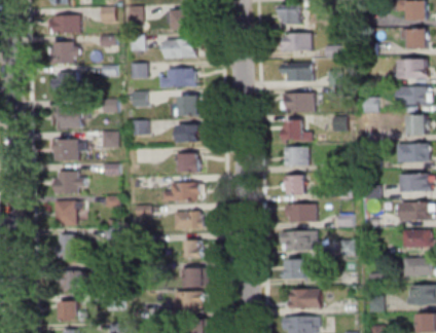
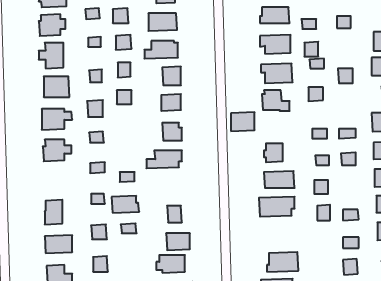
building: [284,147,308,166] -> [231,112,255,131]
building: [55,200,76,225] -> none
building: [174,212,203,229] -> [112,196,139,213]
building: [281,260,305,279] -> none

